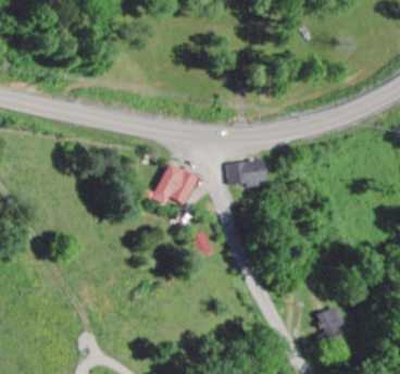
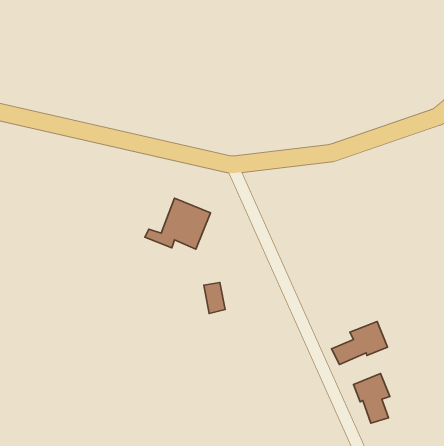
building: [226,160,262,185] -> none
building: none -> [332,321,388,364]

